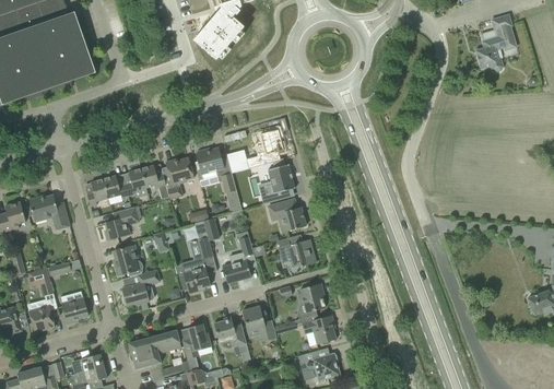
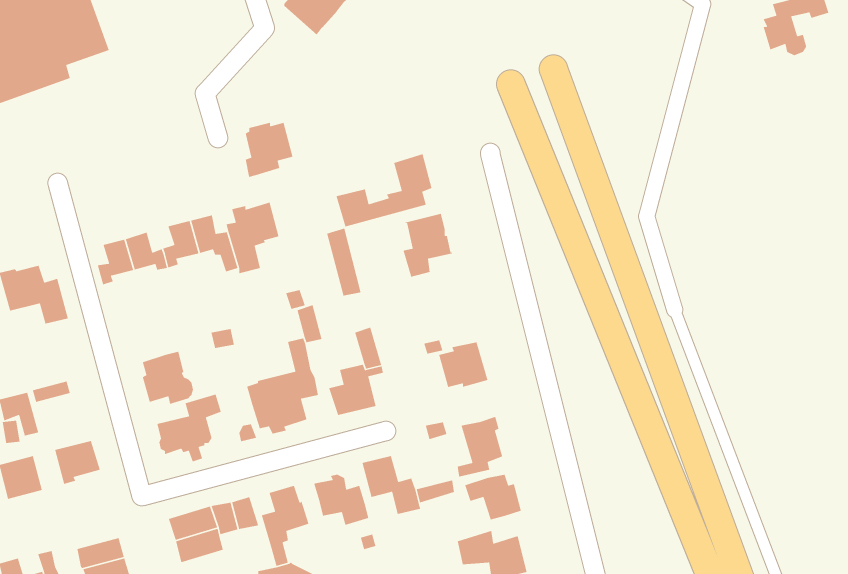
building: [196,146,224,179] -> [245,122,293,178]
building: [268,198,306,229] -> none
building: [105,205,139,239] -> none

